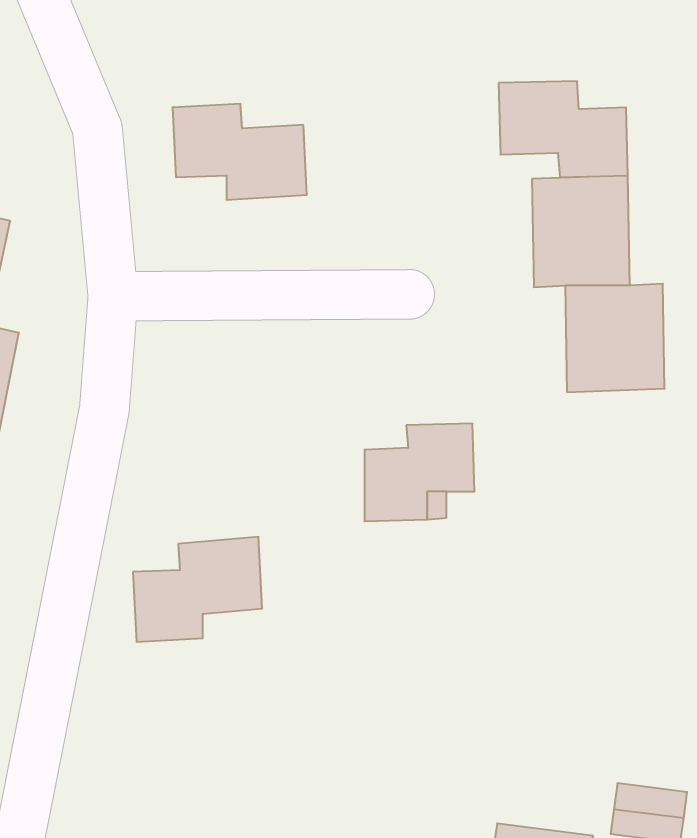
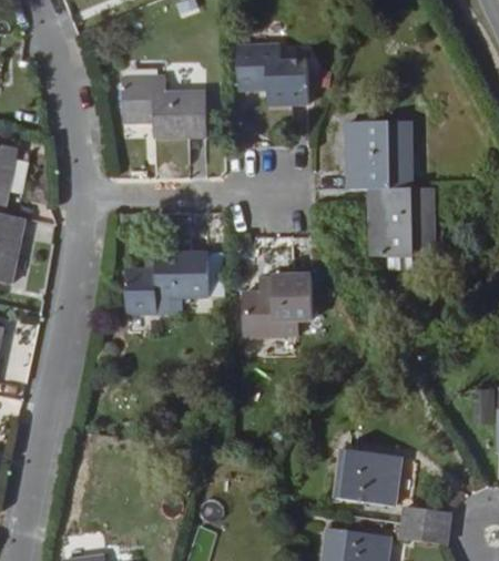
building: [499,81,628,177] -> [237,44,319,105]
building: [133,537,262,642] -> [126,251,208,317]
building: none -> [330,449,398,504]

